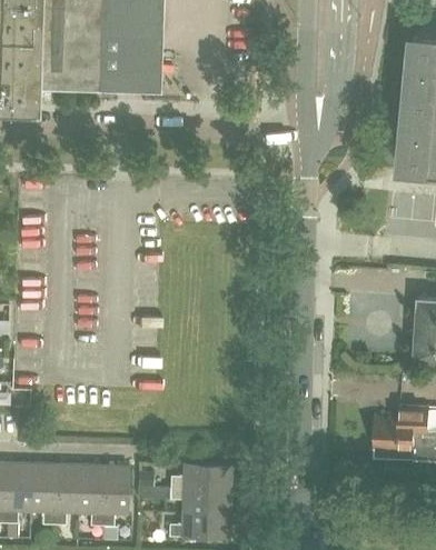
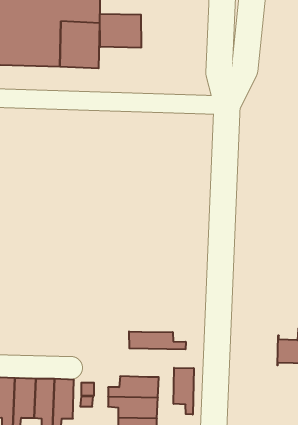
building: none -> [100,14,141,48]
building: none -> [129,331,186,349]
building: none -> [174,368,194,415]

